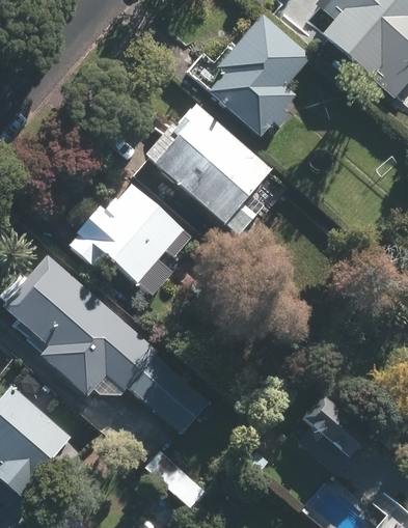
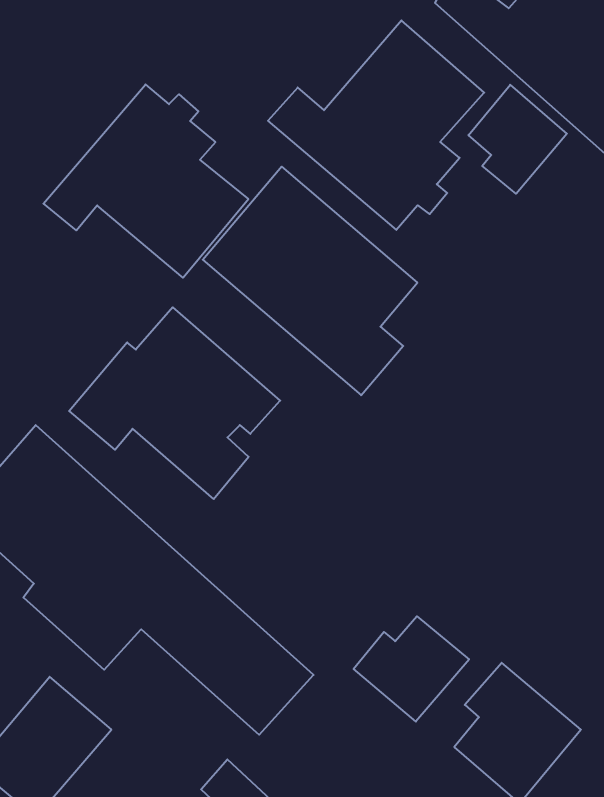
building: none -> [43,84,248,278]
building: none -> [468,85,567,194]
building: none -> [354,616,469,722]

